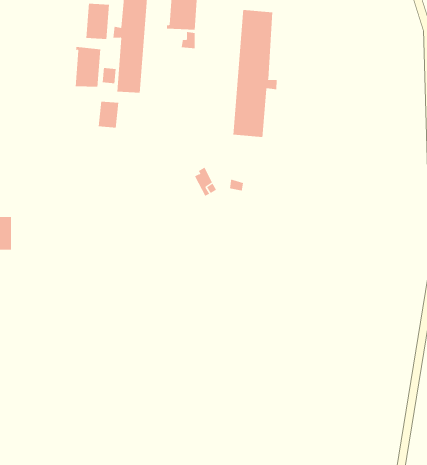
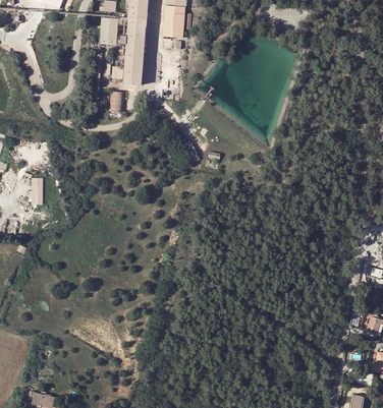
building: [233,9,277,138] -> none
building: [75,46,101,88] -> none

